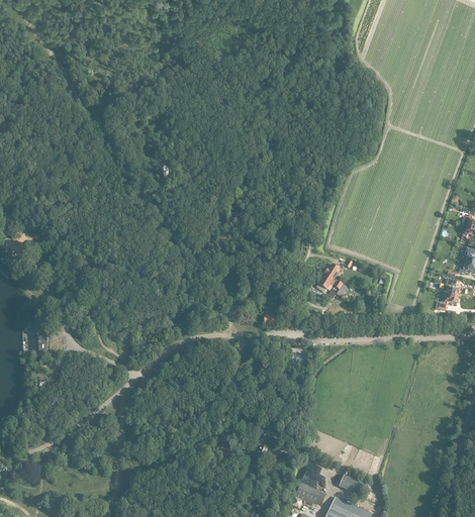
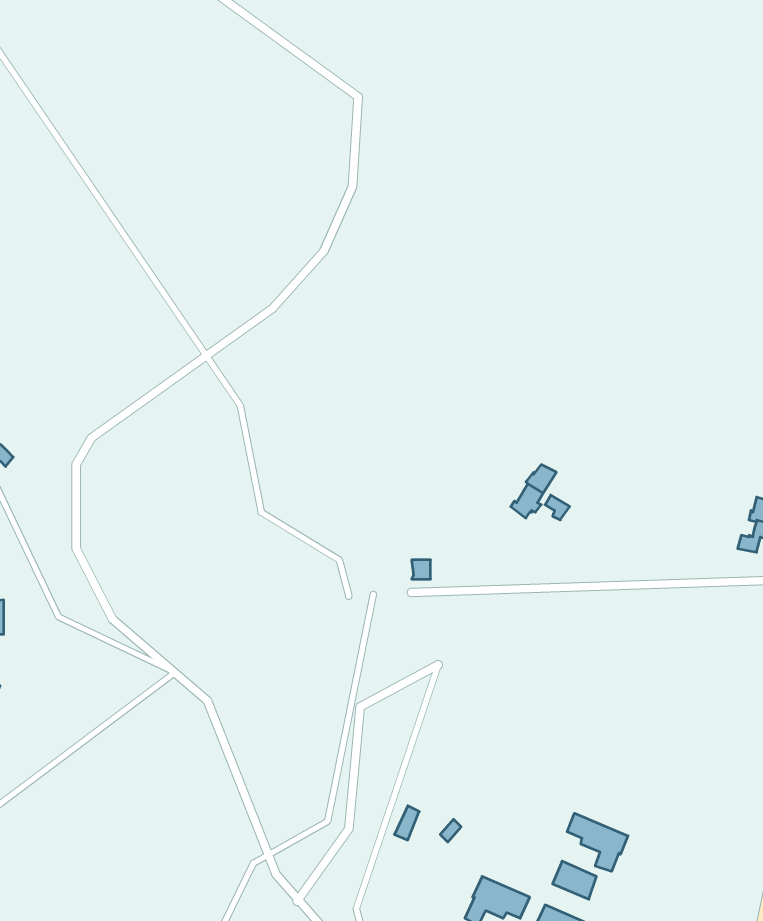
building: none -> [567,813,628,871]

